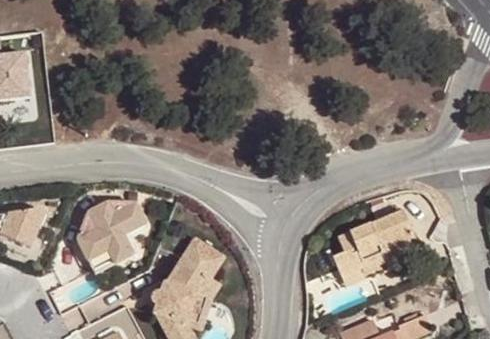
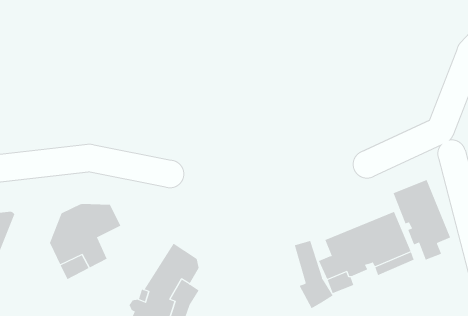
building: none -> [393,179,451,260]
building: none -> [294,240,333,309]

